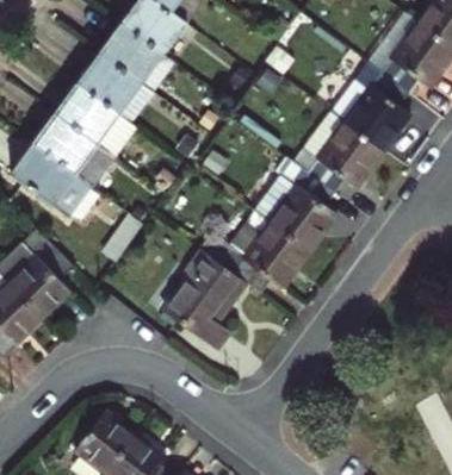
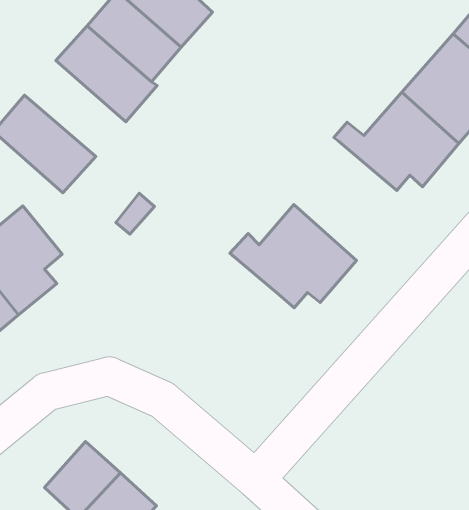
building: [32,112,114,186] -> none
building: [254,157,335,251] -> none
building: [165,250,248,351] -> none

